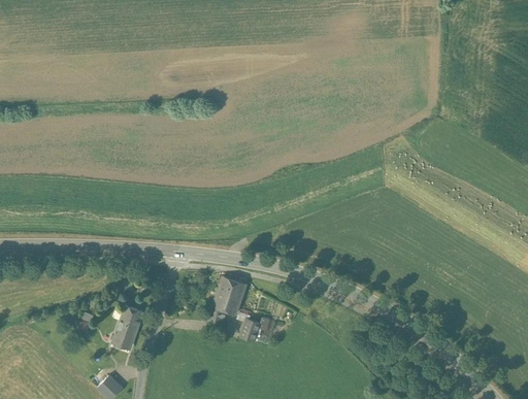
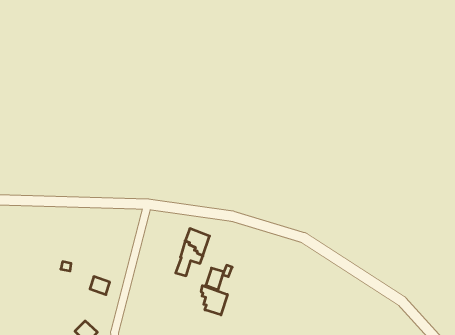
building: [118,306,142,335] -> none
building: none -> [201,286,227,315]

